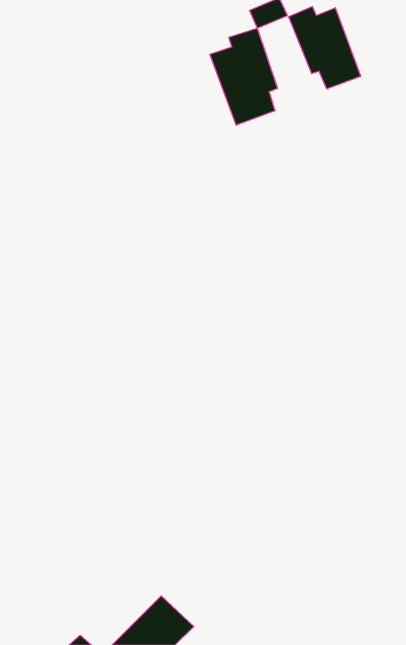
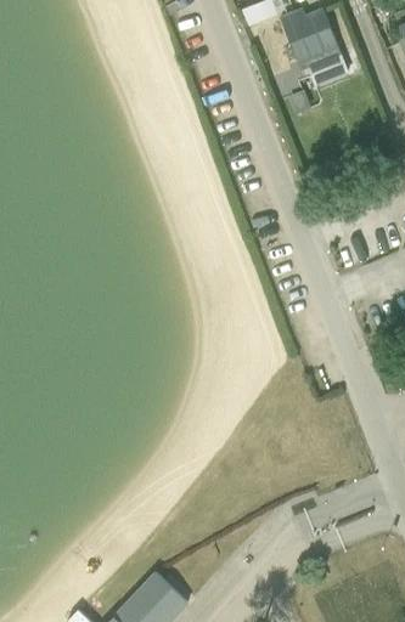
building: [210,28,277,125] -> none

